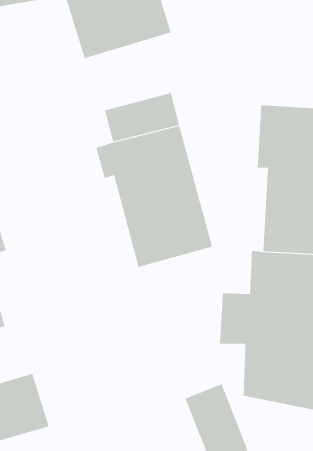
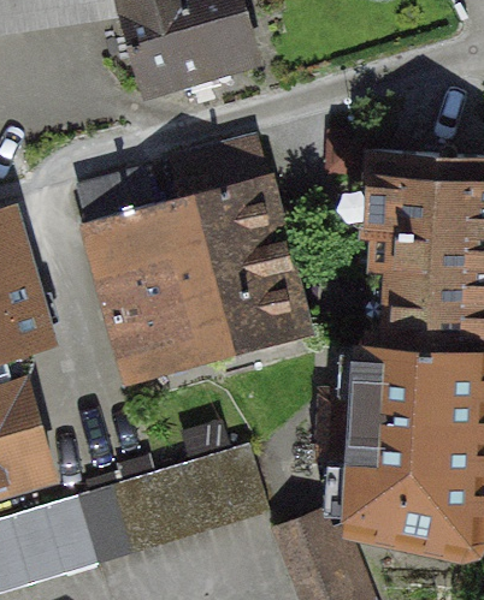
building: none -> [81,165,217,382]
building: none -> [82,442,273,564]

